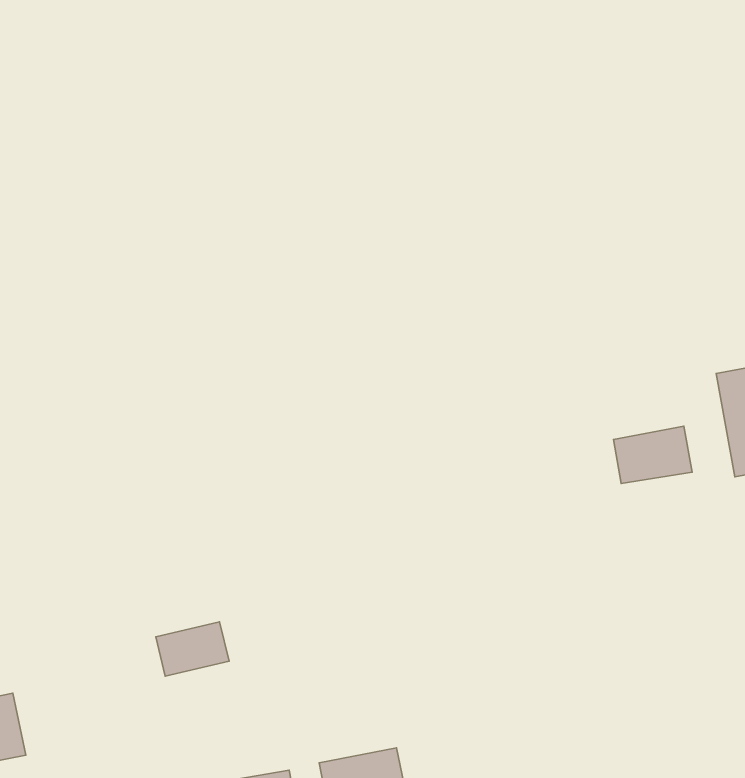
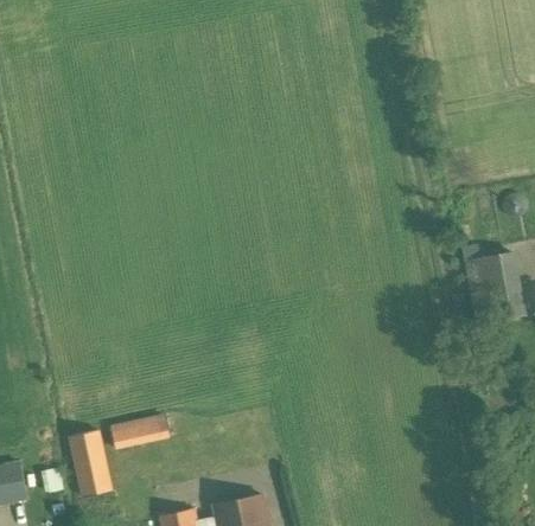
building: [614,426,692,484] -> none
building: none -> [71,426,112,492]

